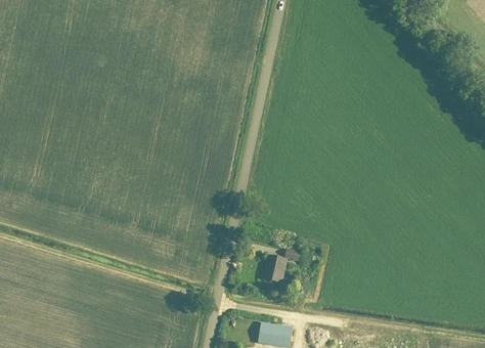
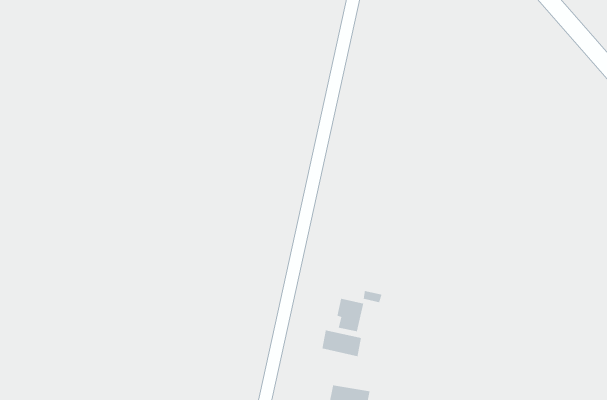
building: none -> [322,329,362,357]

